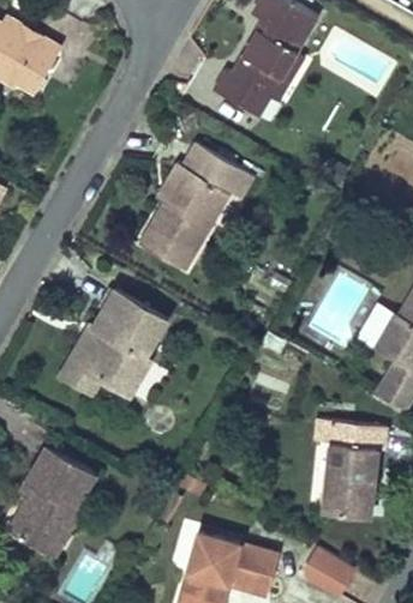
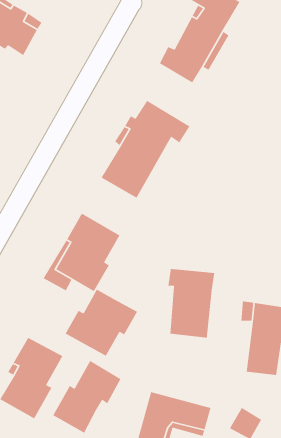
building: none -> [168,268,215,338]
building: none -> [65,289,138,357]
building: none -> [52,360,121,434]

